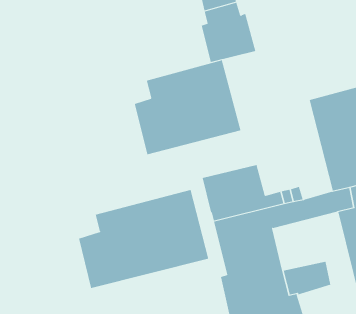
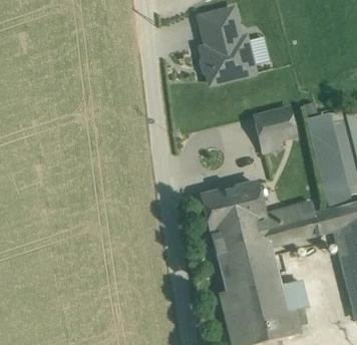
building: [134,60,241,155] -> none
building: none -> [254,106,296,150]
building: [79,189,209,289] -> none

